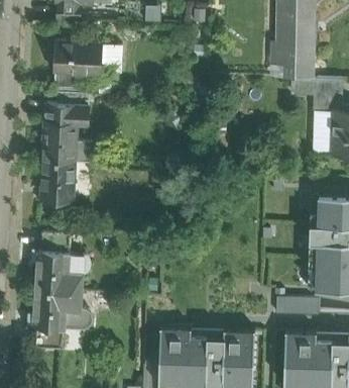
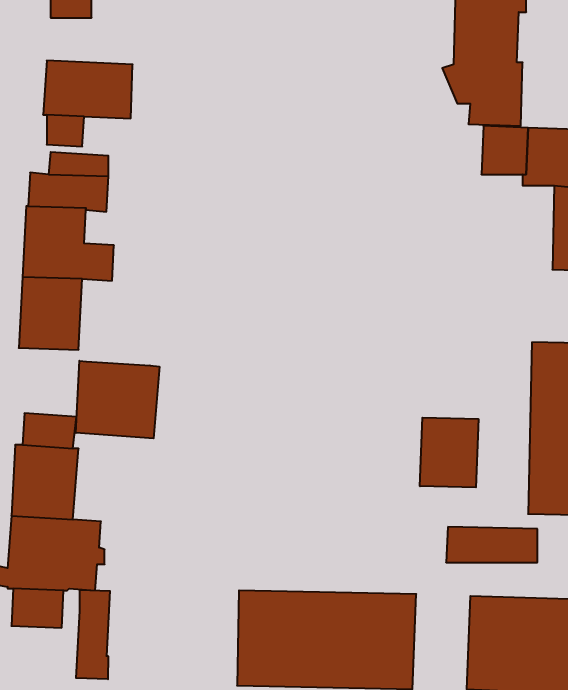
building: none -> [76,361,159,438]
building: none -> [420,418,478,487]
building: none -> [76,590,110,679]

